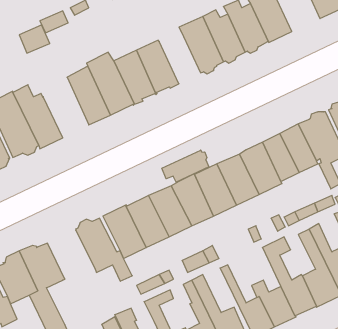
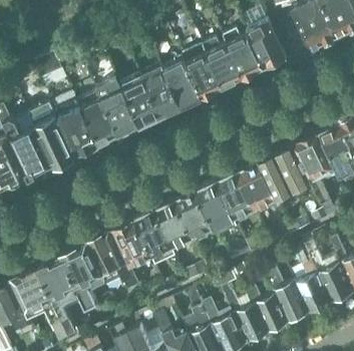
building: none -> [163,60,202,108]
building: none -> [56,101,99,157]
building: [162,150,209,182] -> none
building: none -> [60,244,104,311]

